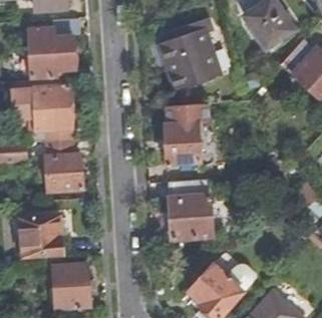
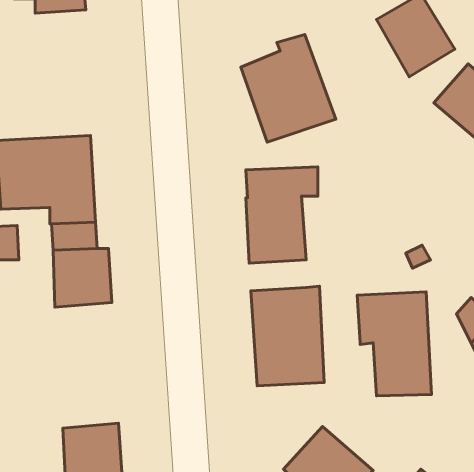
building: [29,29,74,75] -> none
building: none -> [357,292,431,396]
building: [19,215,59,256] -> none

